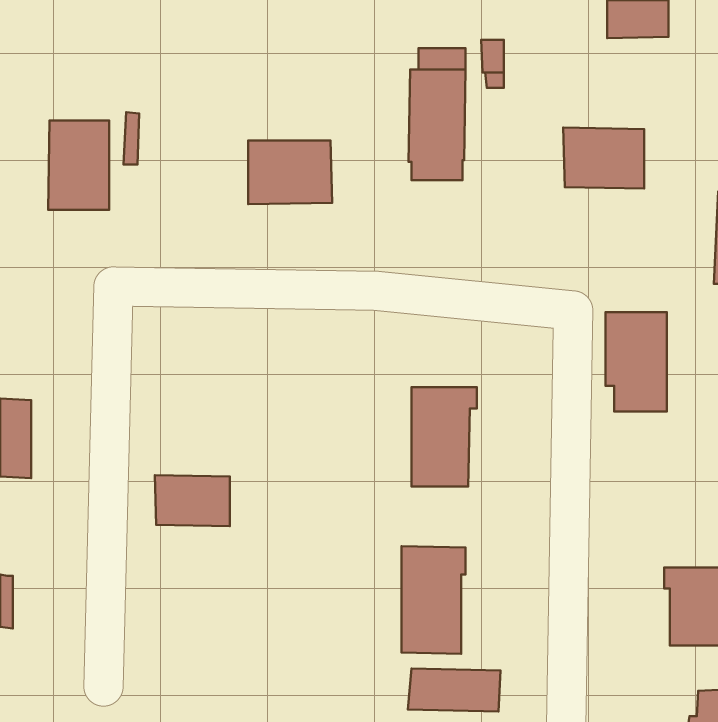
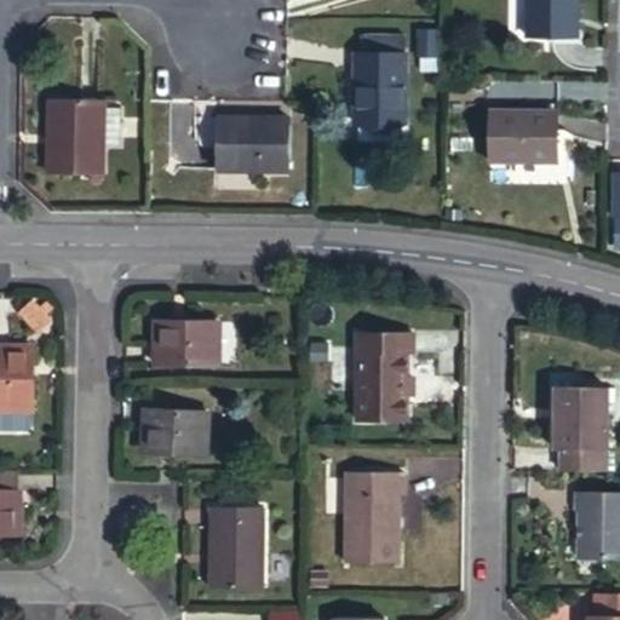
building: [606,312,667,411] -> [552,383,604,467]
building: none -> [149,318,211,361]
building: none -> [200,511,249,587]
building: [408,668,501,712] -> none

